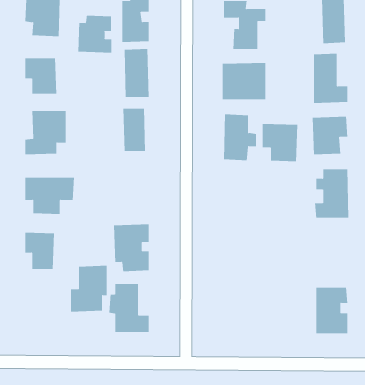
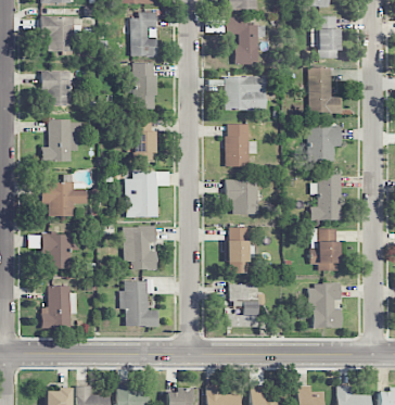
building: [78,15,112,53] -> none
building: [262,123,298,162] -> [226,178,259,214]
building: none -> [126,170,157,216]
building: none -> [227,227,255,273]
building: none -> [311,228,340,269]
building: [70,265,107,312] -> [41,284,76,328]
building: none -> [227,283,259,326]

